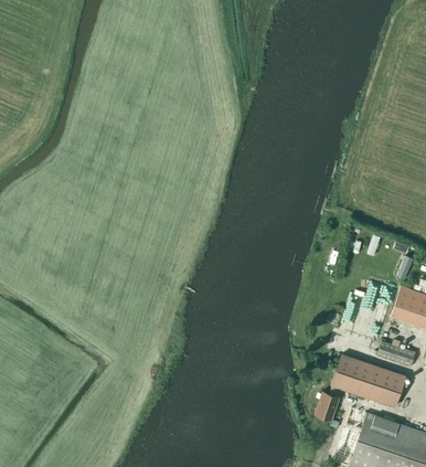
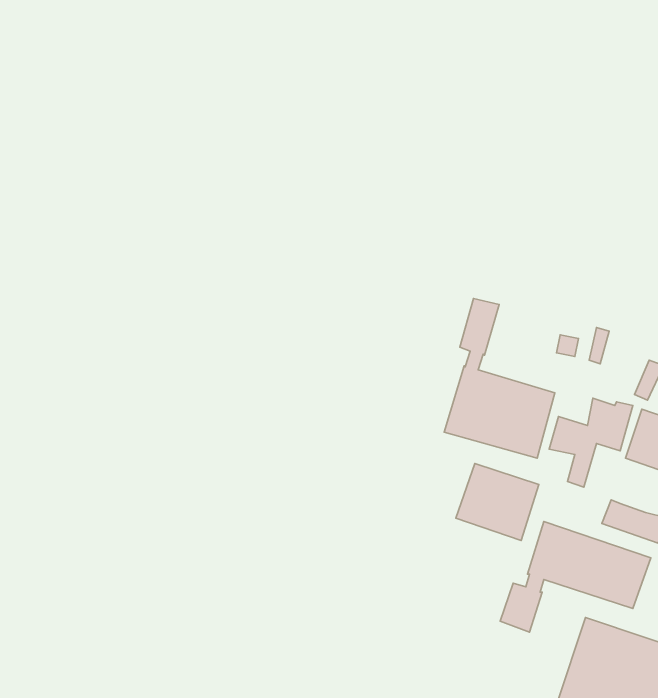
building: none -> [444,299,555,458]
building: none -> [456,464,539,540]

